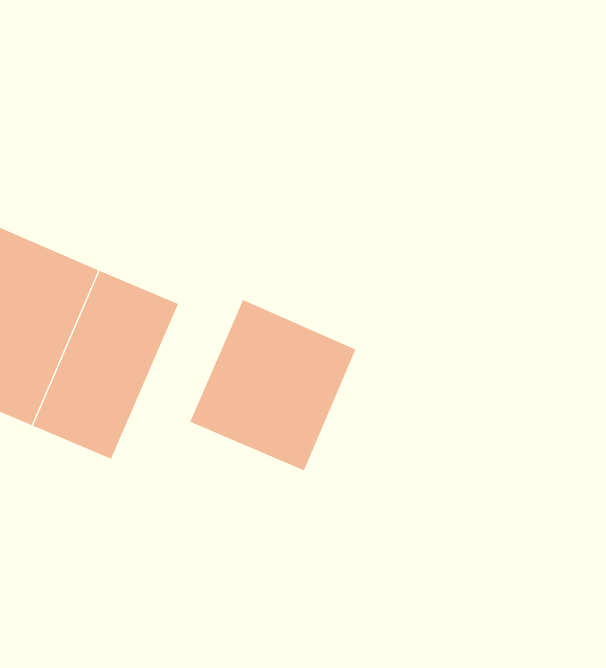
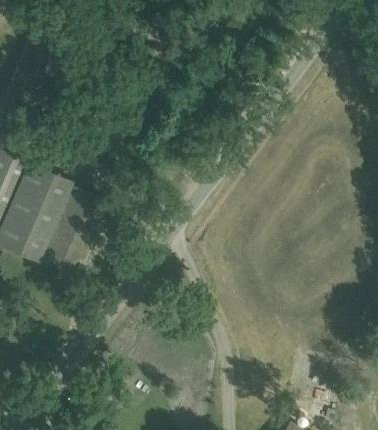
building: [190,299,356,471] -> none

